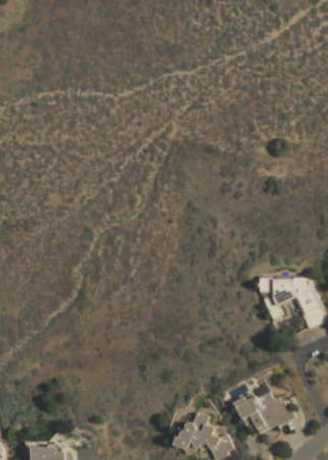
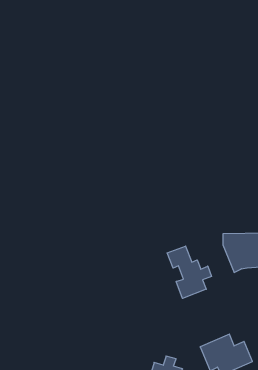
building: none -> [167,246,211,298]

